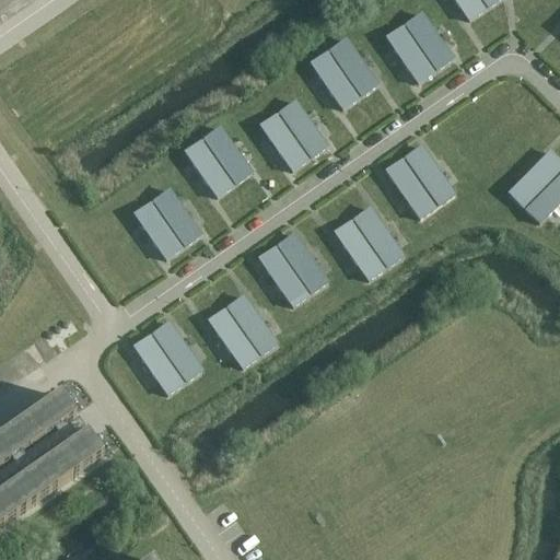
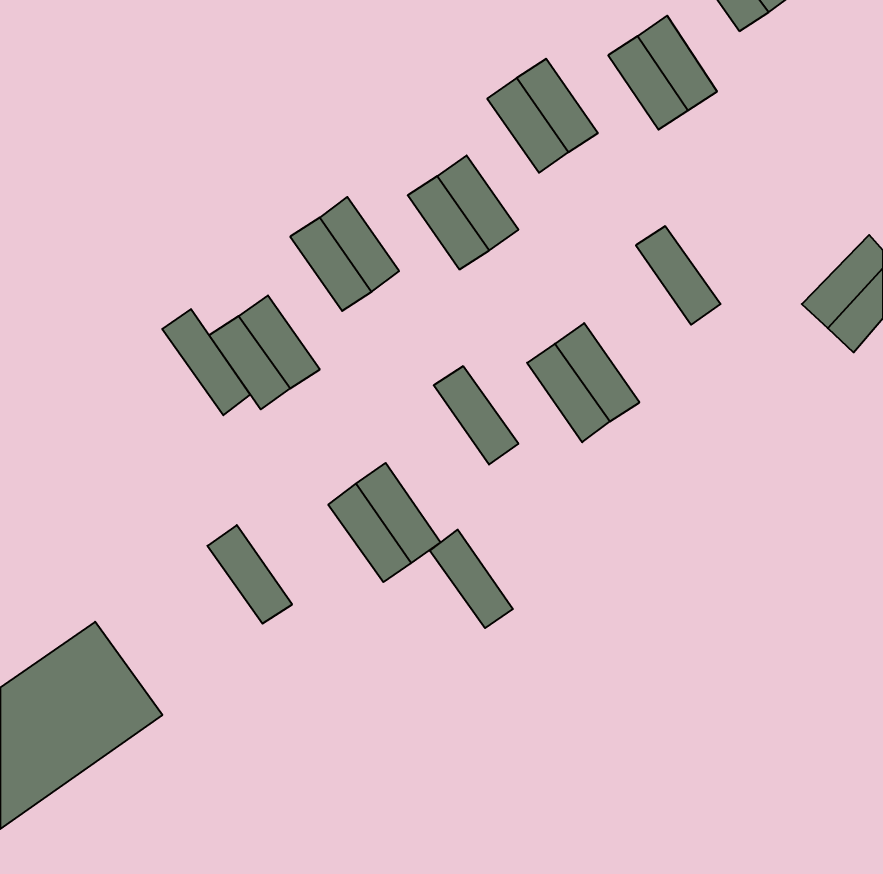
building: [385,155,438,218] -> none
building: none -> [162,309,250,415]
building: [257,244,310,306] -> [430,530,513,628]
building: [150,320,202,383] -> none

